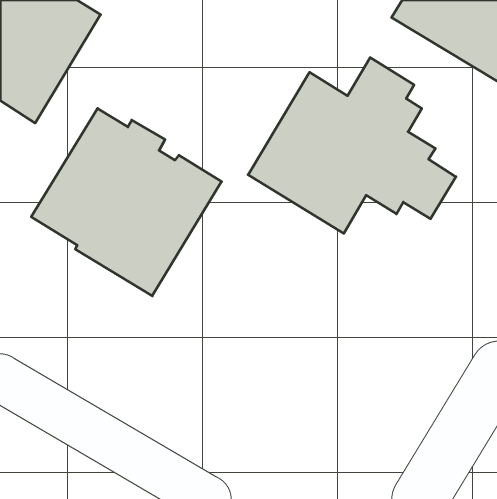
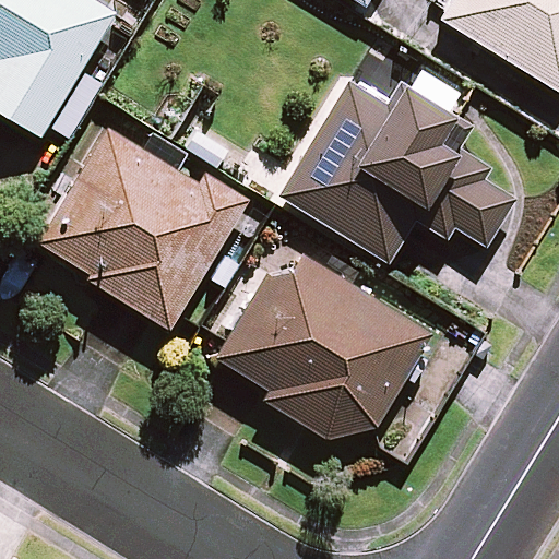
building: none -> [215,243,429,439]

